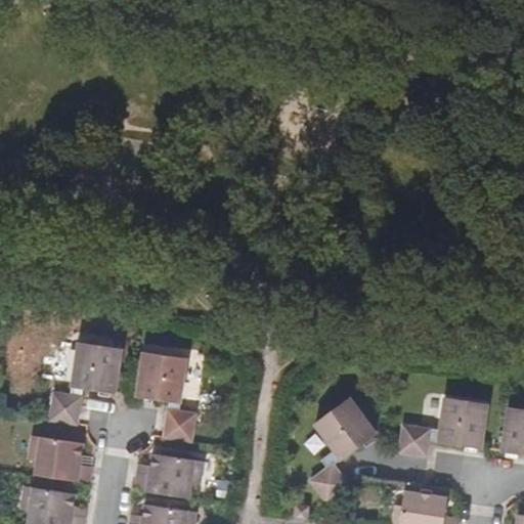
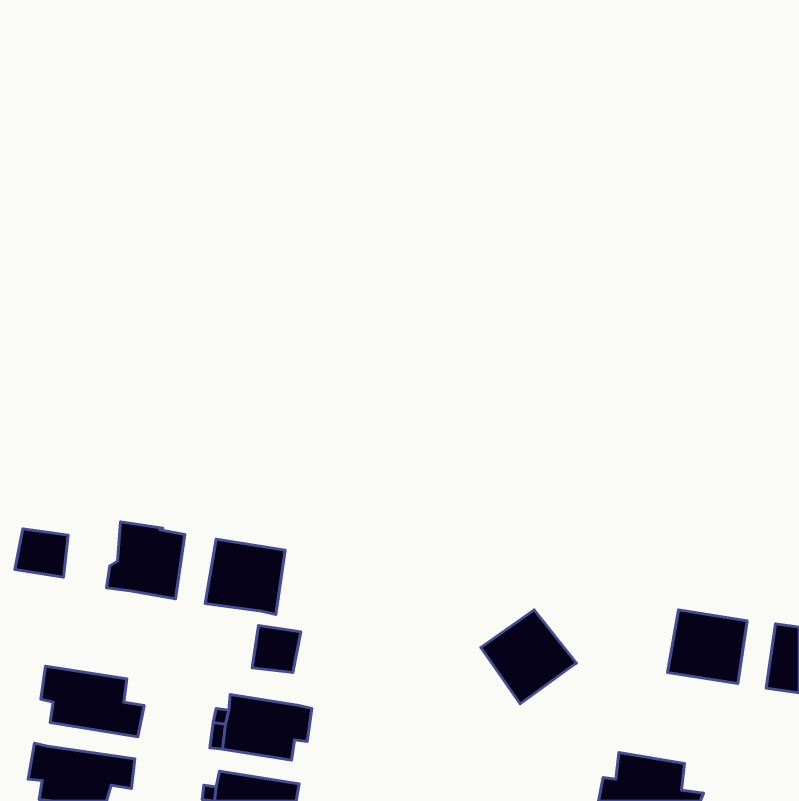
building: [48,391,83,423] -> [15,529,68,577]
building: [396,424,432,455] -> none
building: [309,462,350,501] -> none

